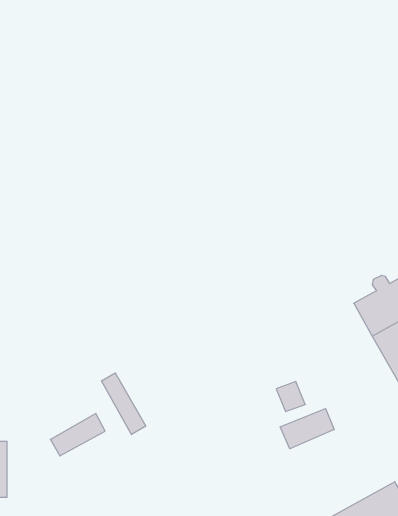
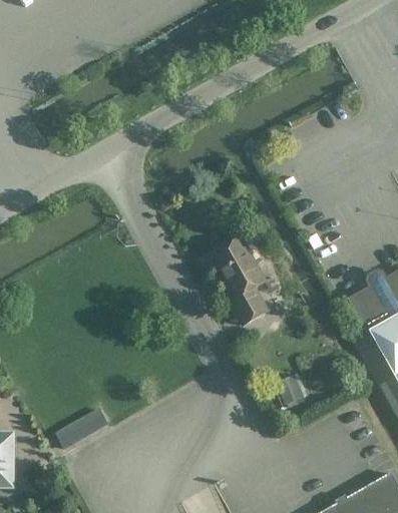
building: none -> [211,239,268,326]
building: [102,373,146,435] -> none
building: [280,409,334,449] -> none

